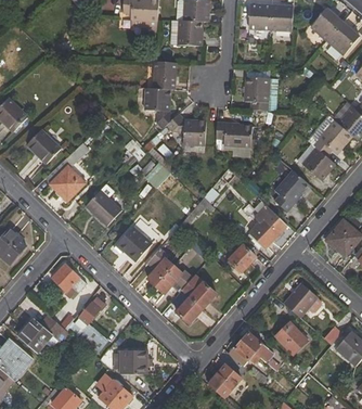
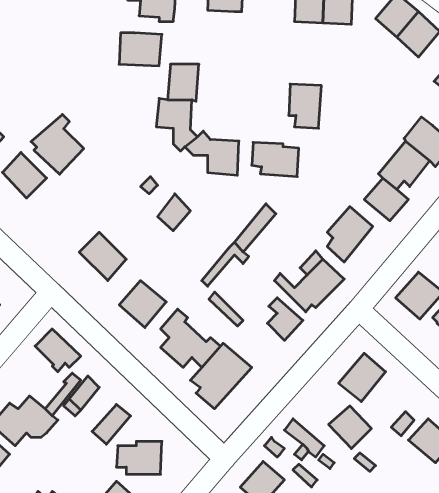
building: [171,20,204,44] -> [119,33,162,66]
building: [46,155,86,201] -> [31,114,84,174]

